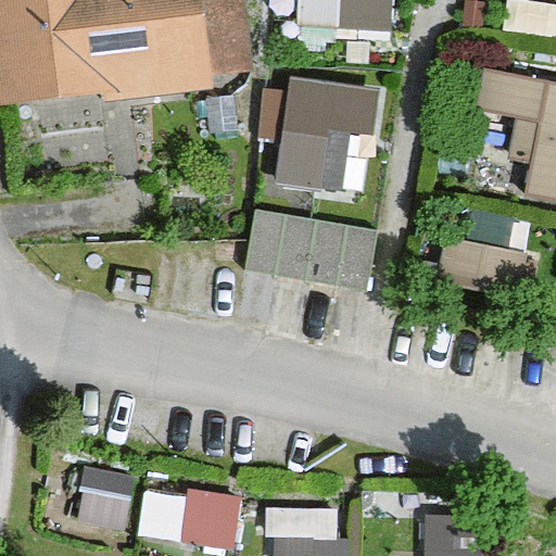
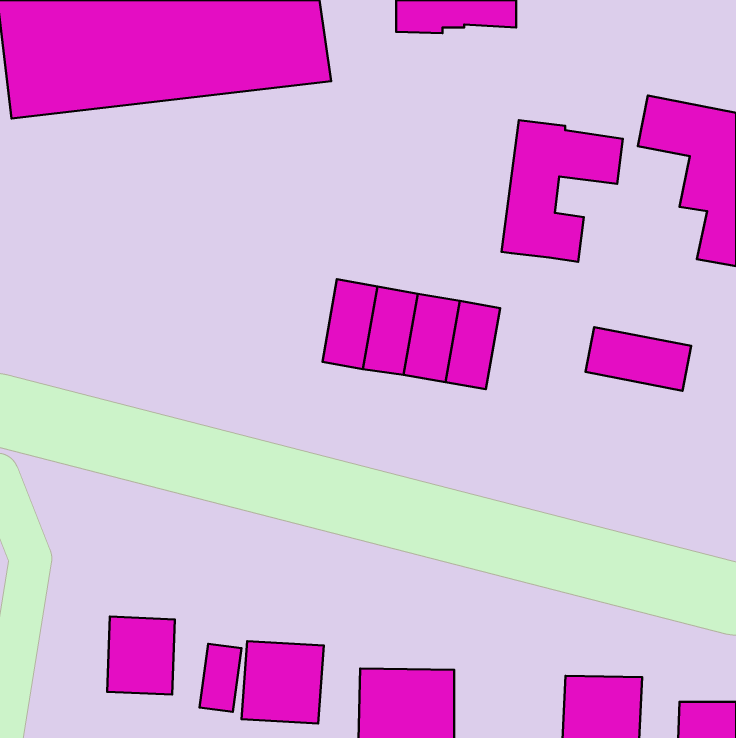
building: [279,85,370,191] -> [501,120,623,262]

